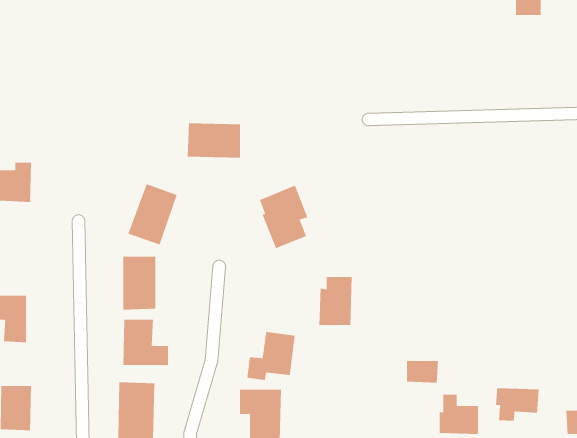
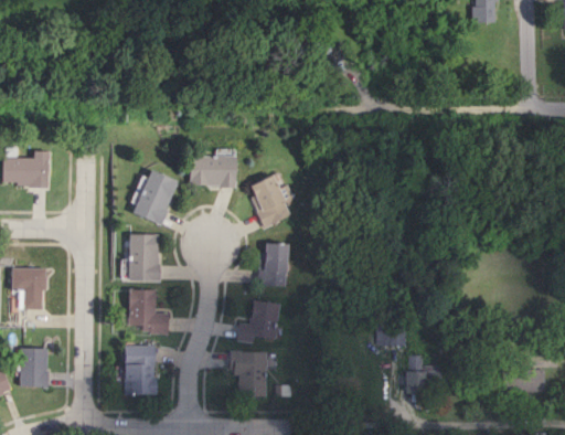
building: [187,123,241,158] -> [188,156,235,187]
building: [318,276,352,325] -> [258,243,288,286]
building: [496,388,539,422] -> none

